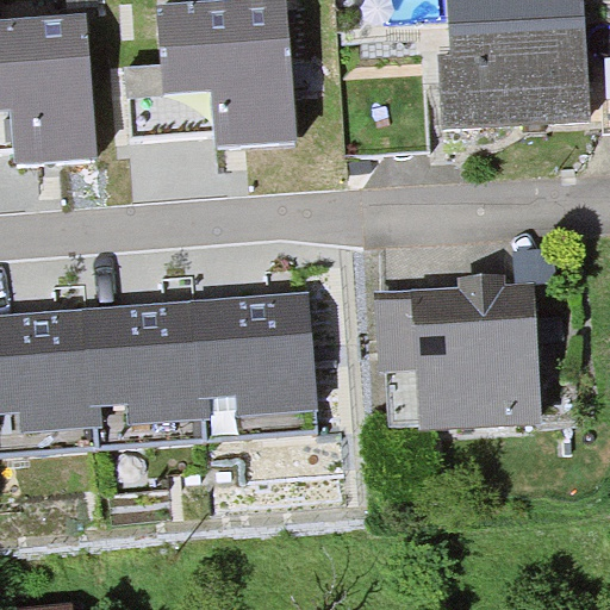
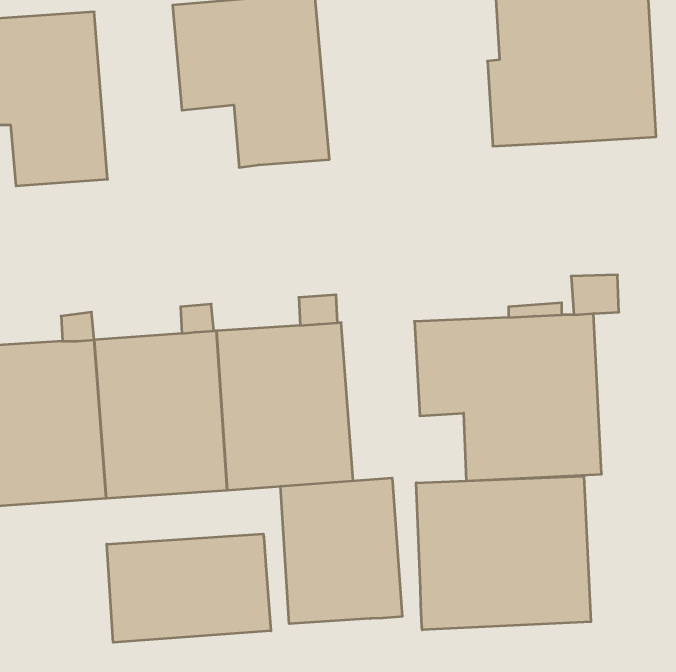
building: none -> [416,476,591,630]
building: none -> [280,478,402,624]
building: none -> [107,534,271,642]

